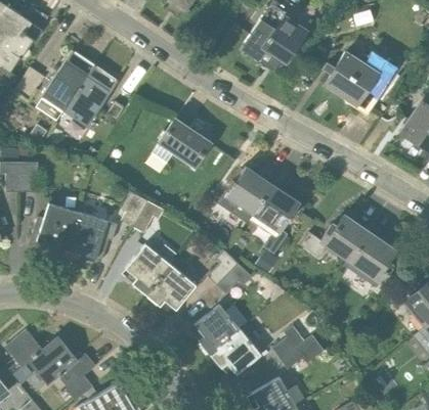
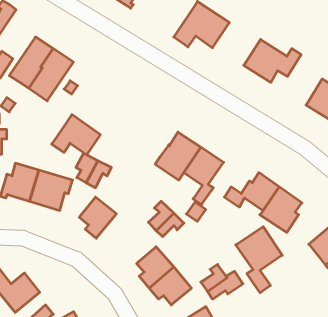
building: [151,119,210,168] -> [52,115,100,155]
building: [145,265,196,310] -> none
building: none -> [236,227,282,293]

